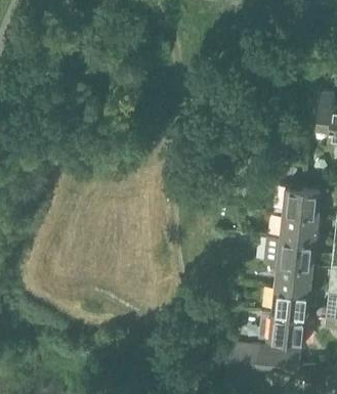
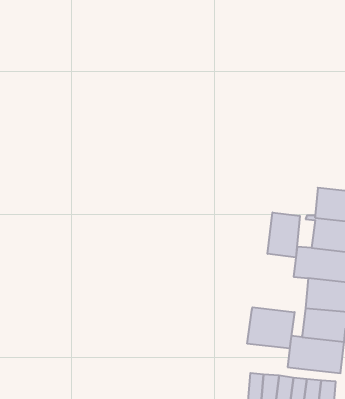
building: none -> [268,212,300,258]
building: none -> [247,307,295,348]

